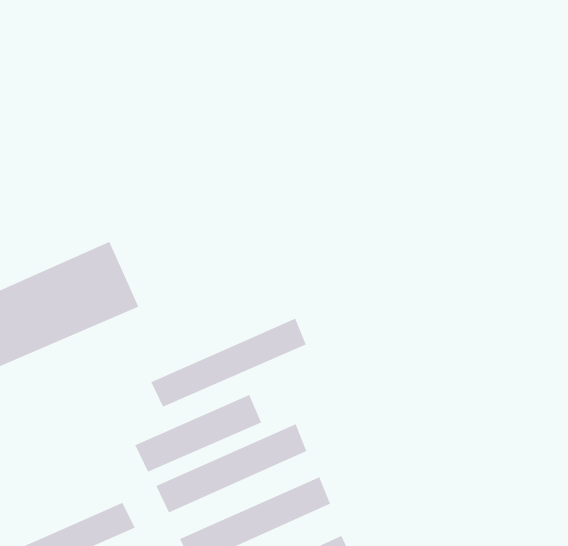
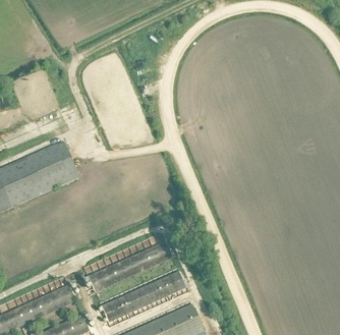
building: [150,318,307,408] -> none
building: [135,394,262,472] -> none

